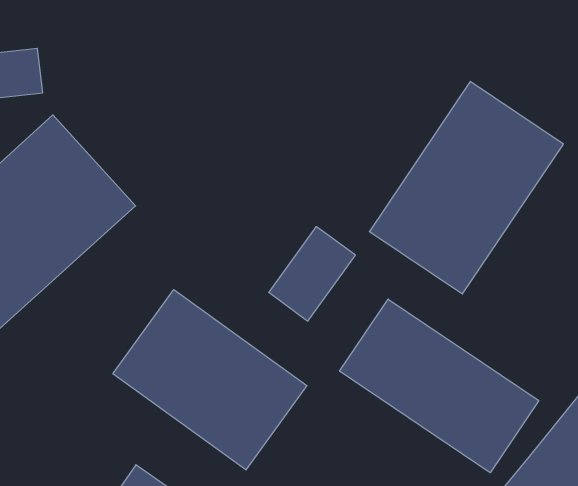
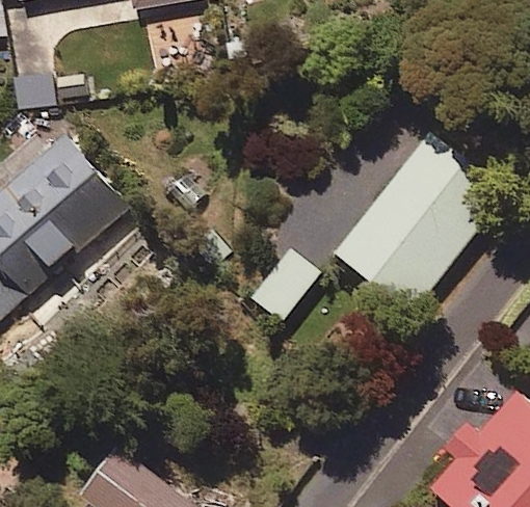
building: [113,290,307,470] -> none
building: [340,299,539,473] -> none

